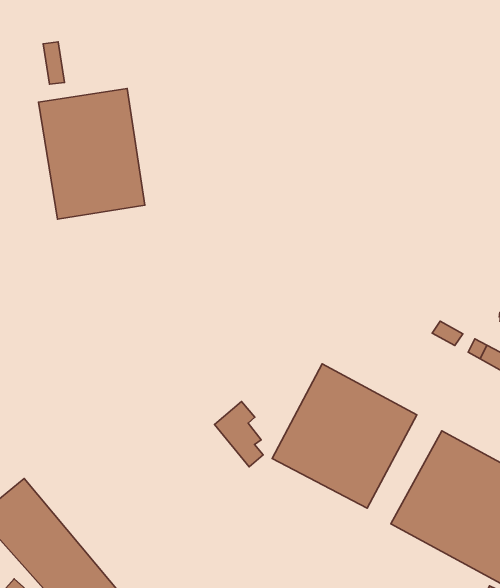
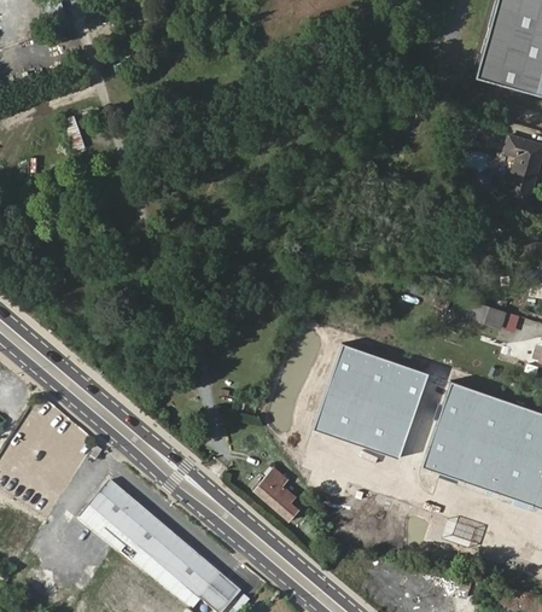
building: [38,89,145,219] -> none
building: [214,402,263,467] -> [256,468,301,521]

